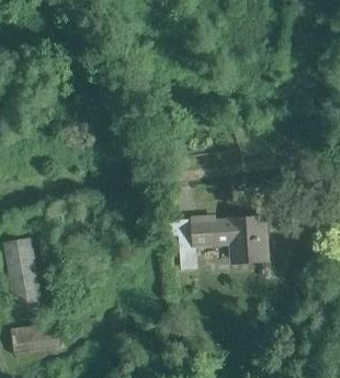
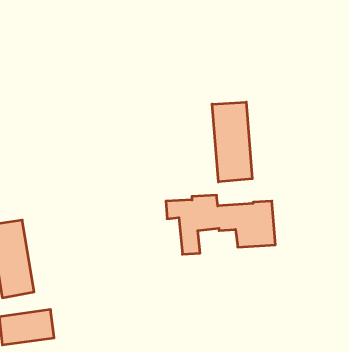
building: none -> [212,102,252,182]

